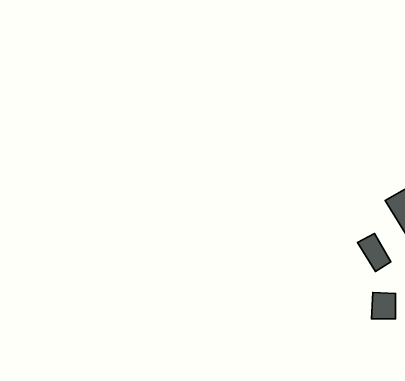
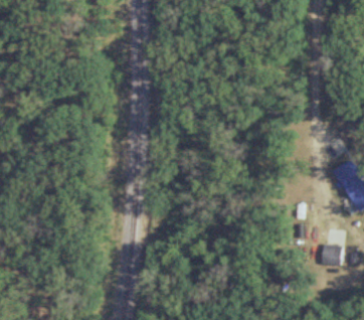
building: [358,234,391,271] -> none

